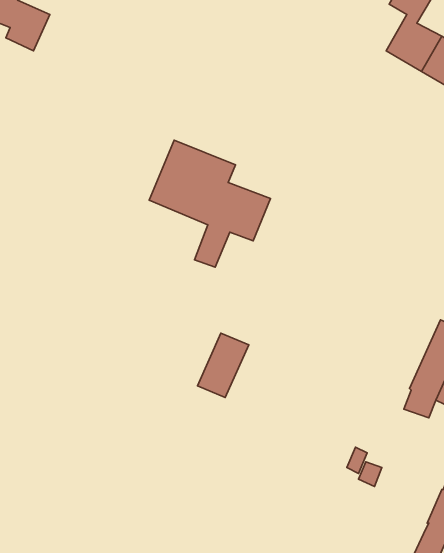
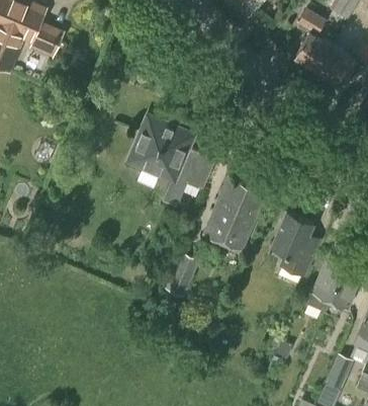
building: none -> [203,178,264,251]
building: none -> [271,213,318,276]

